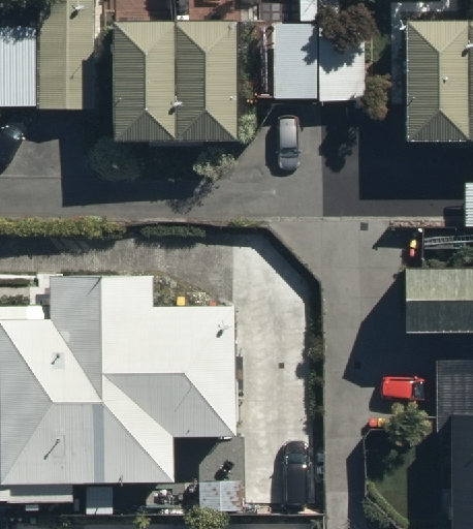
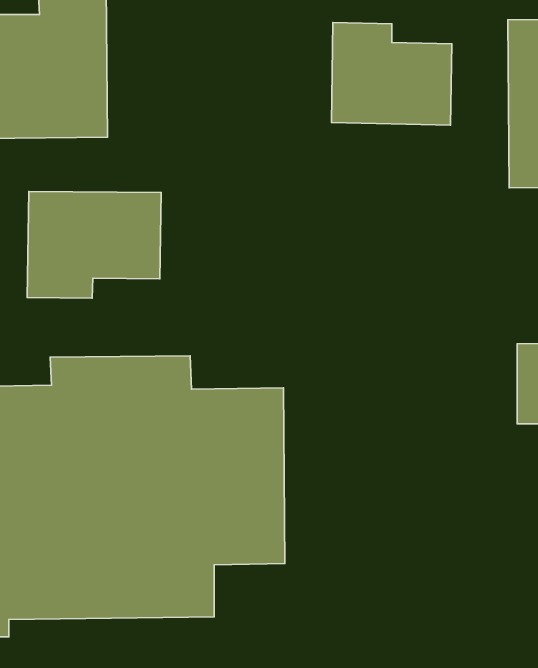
building: [116,18,236,144] -> none
building: none -> [27,191,161,298]

